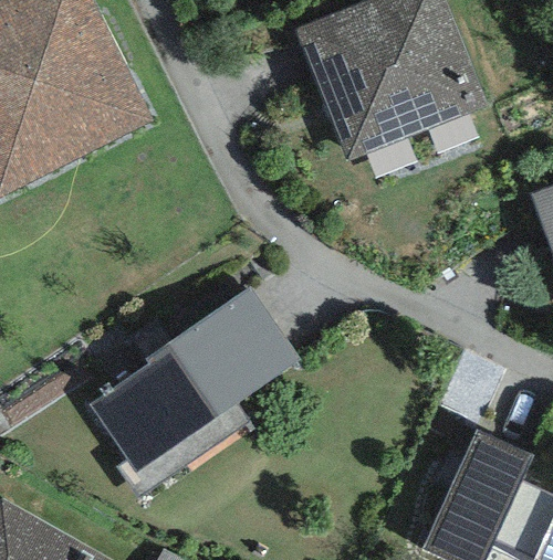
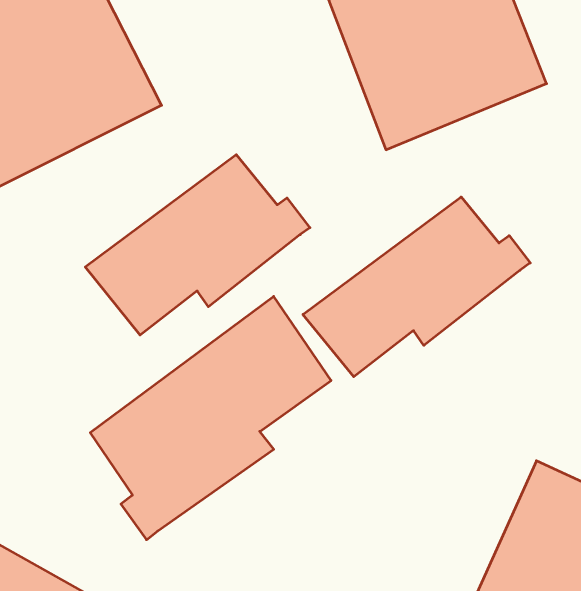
building: none -> [85,155,310,335]
building: none -> [303,197,530,377]

